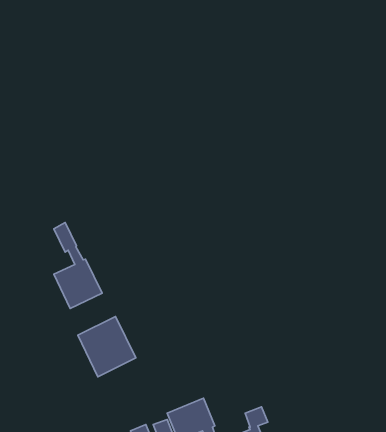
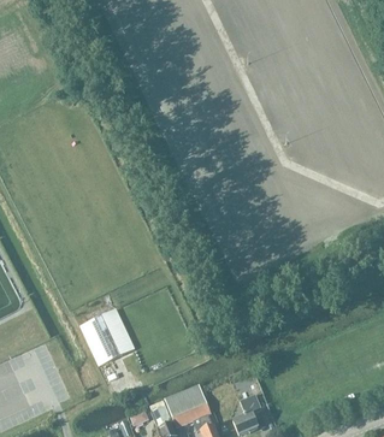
building: [54,223,102,308] -> none

